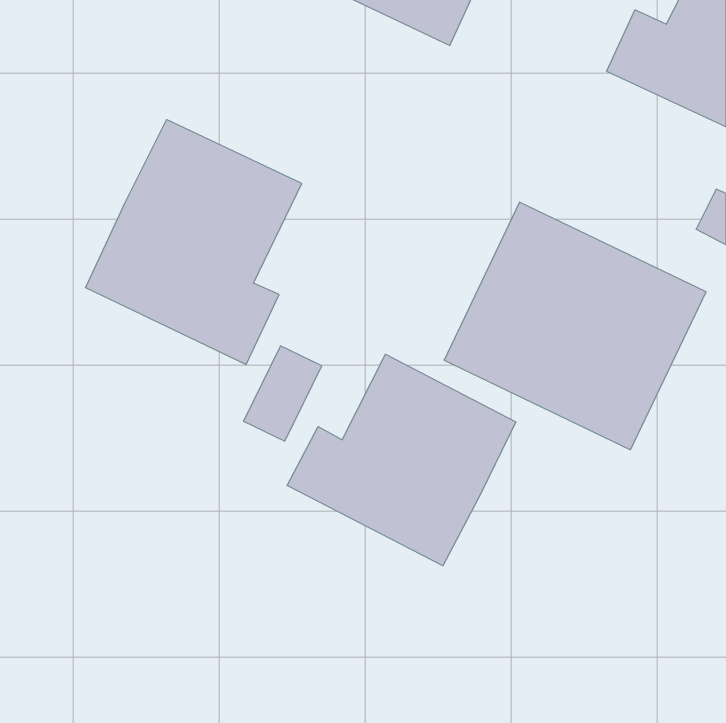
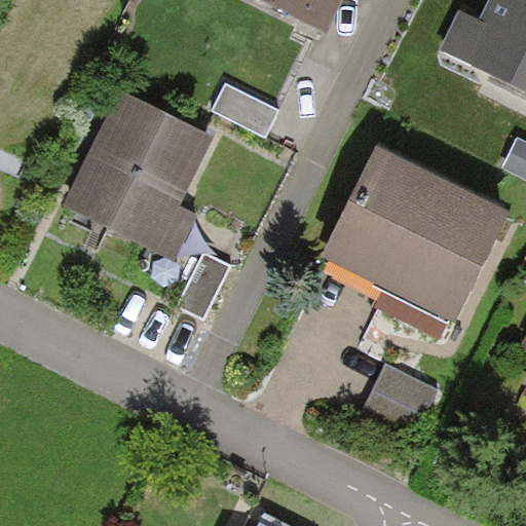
building: [287,354,516,566] -> none
building: none -> [358,361,441,444]

